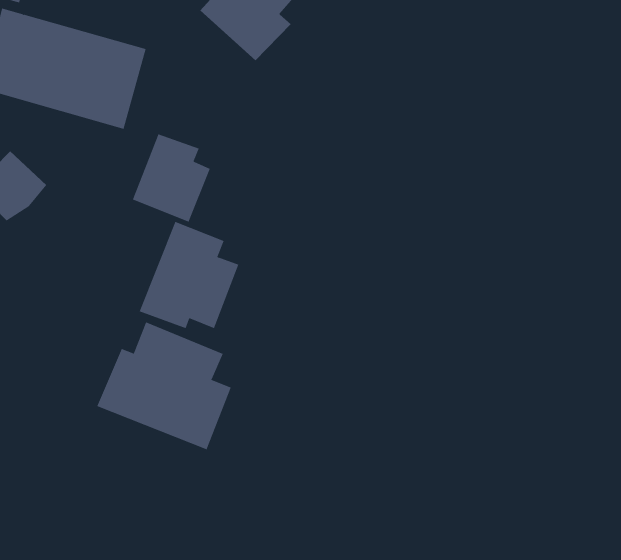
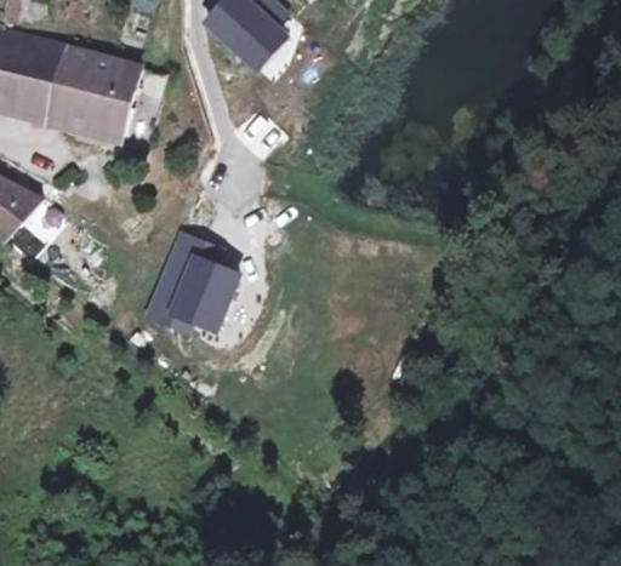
building: [132,133,211,222] -> none
building: [97,322,232,450] -> none

